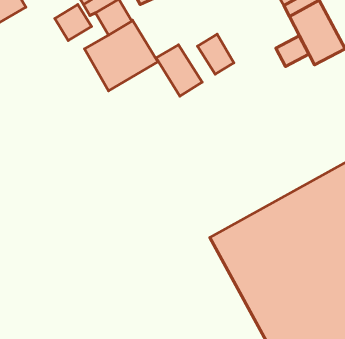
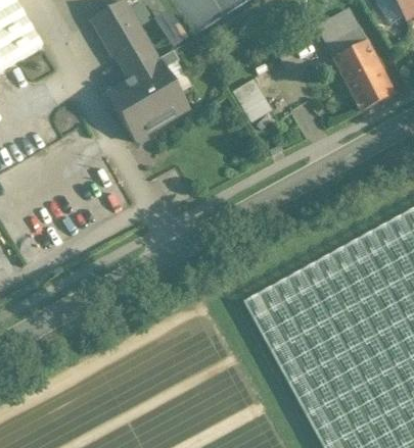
building: [55,5,91,41] -> none
building: [276,36,309,67] -> none
building: [156,45,202,96] -> none

